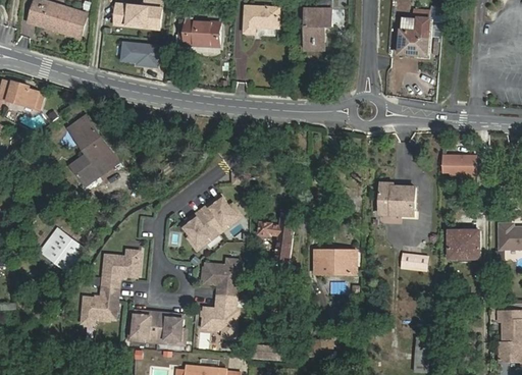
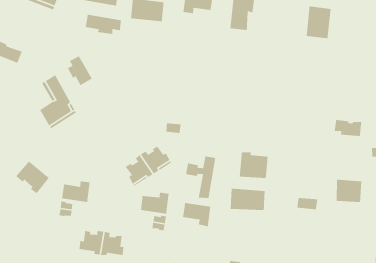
building: none -> [67,55,93,86]
building: [378,182,414,215] -> [239,151,268,179]
building: [81,297,117,324] -> none
building: [201,308,237,337] -> [182,202,211,227]

